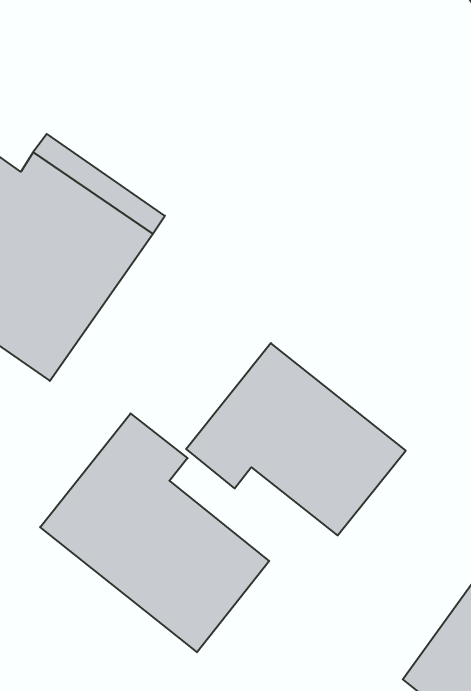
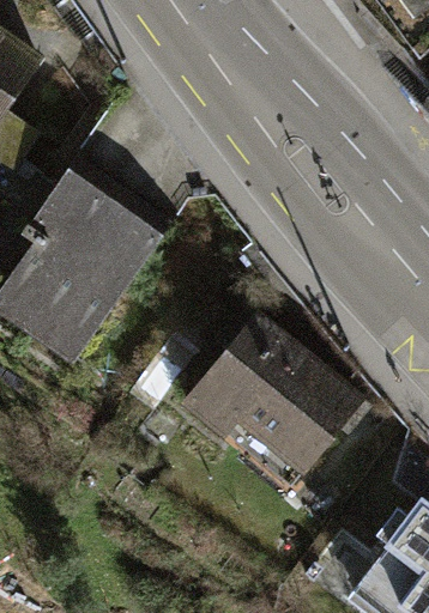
building: [40,413,269,652] -> none

